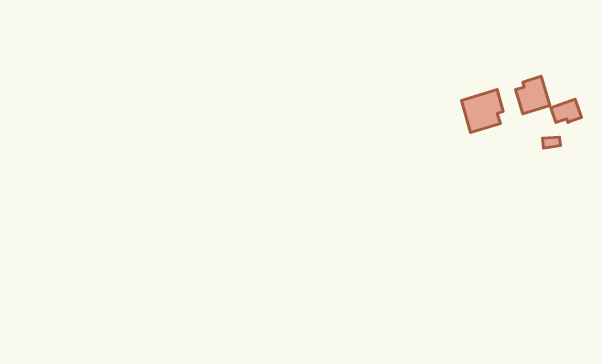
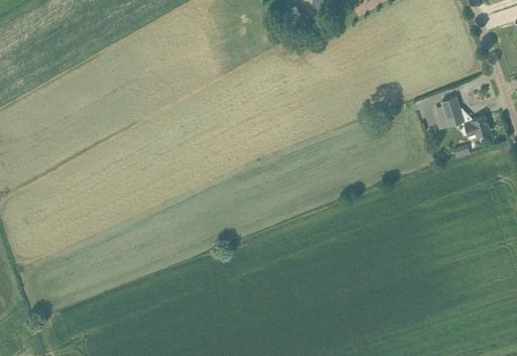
building: [462,89,503,132] -> none

